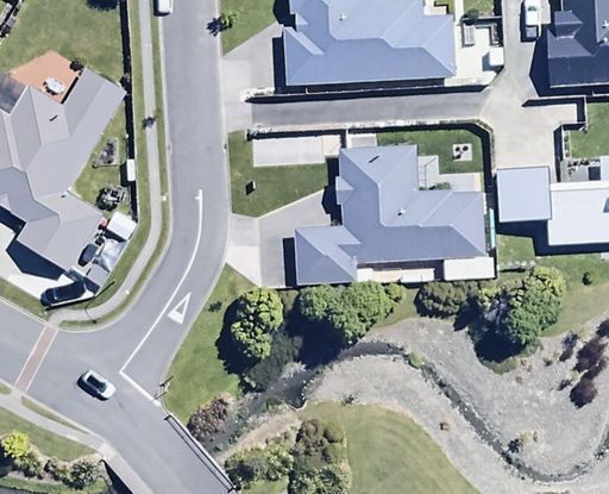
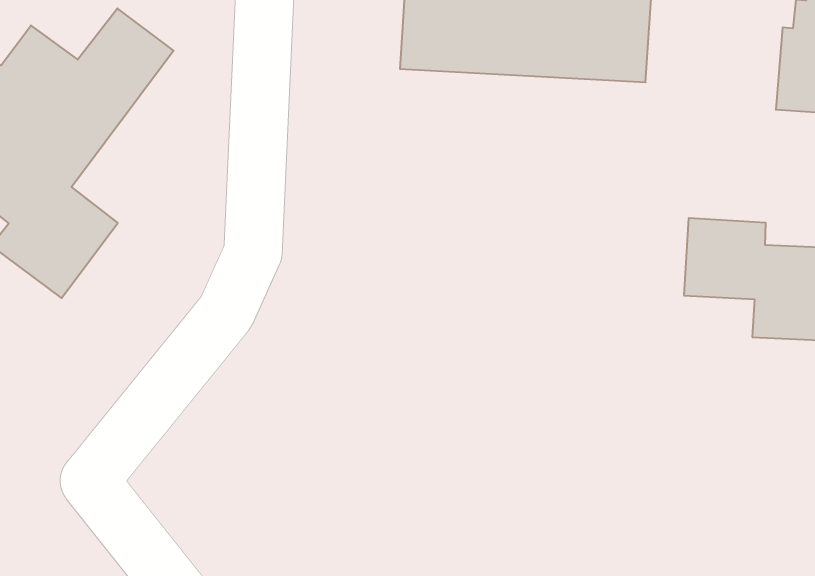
building: [294,145,494,286] -> none

